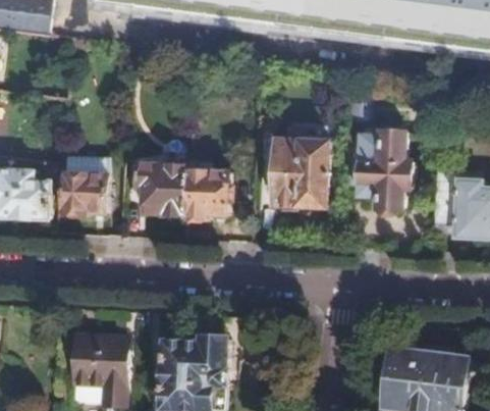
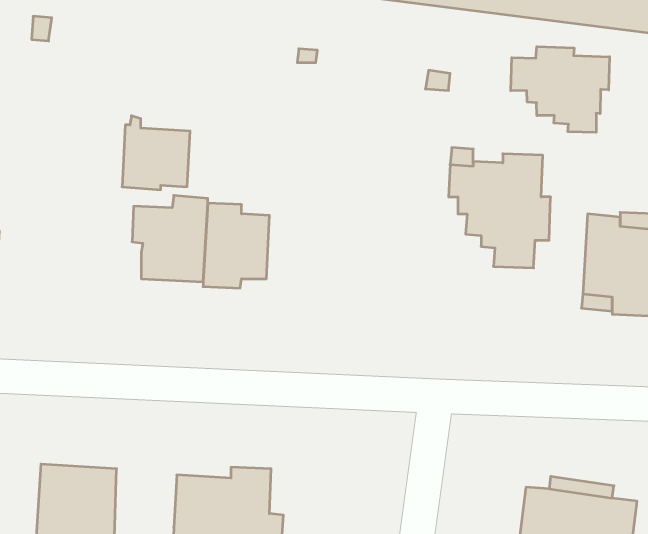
building: none -> [511,47,610,132]
building: [273,137,328,207] -> none
building: [61,164,106,213] -> [122,116,190,190]

